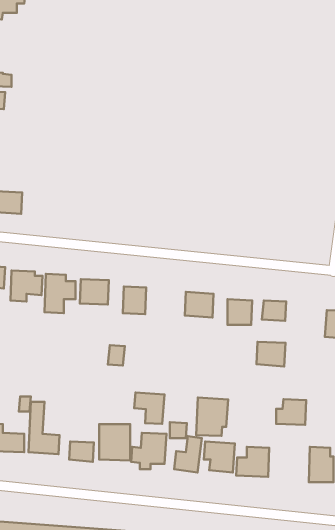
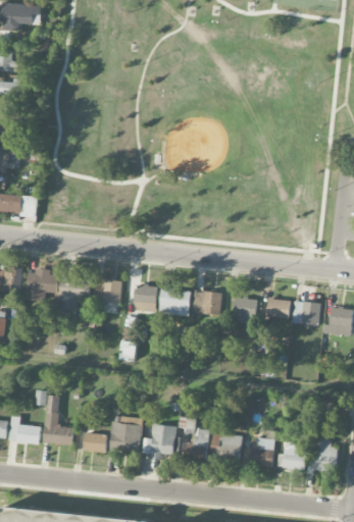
building: none -> [159,291,190,315]
building: [256,342,285,366] -> [292,302,319,325]
building: [134,393,164,424] -> none
building: [196,397,228,436] -> none
building: [276,399,306,425] -> [277,445,306,469]

